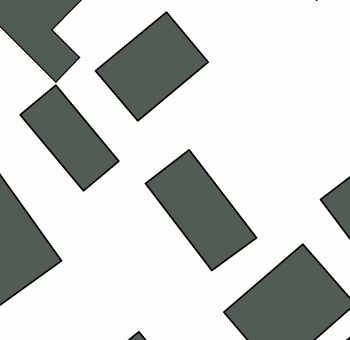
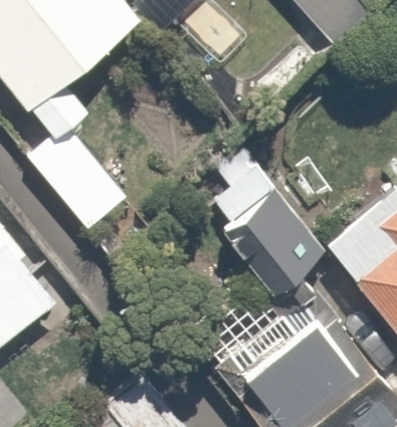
building: [96,12,208,121] -> none
building: [146,150,256,270] -> [211,166,324,288]

